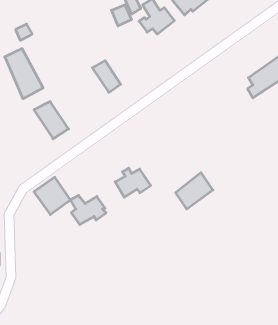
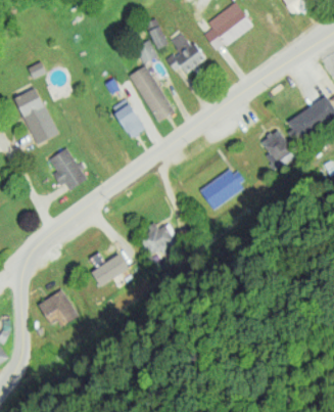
building: none -> [130,65,175,122]
building: none -> [261,129,299,167]
building: [176,173,213,209] -> [201,169,243,210]
building: [34,177,70,215] -> [38,289,79,331]

